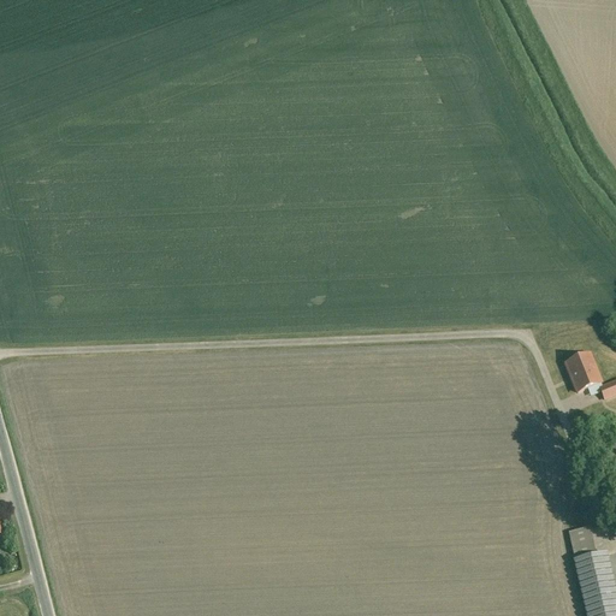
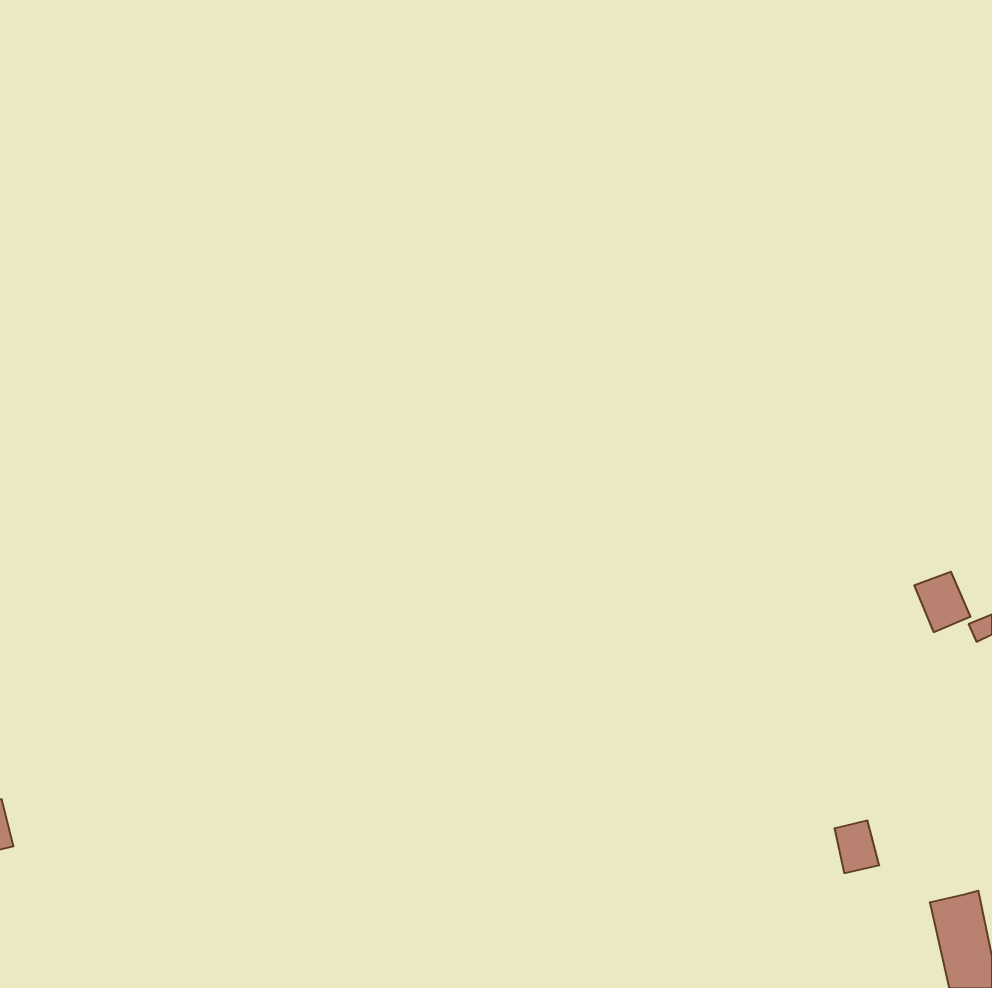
building: [569,526,597,558] -> [834,821,879,873]

